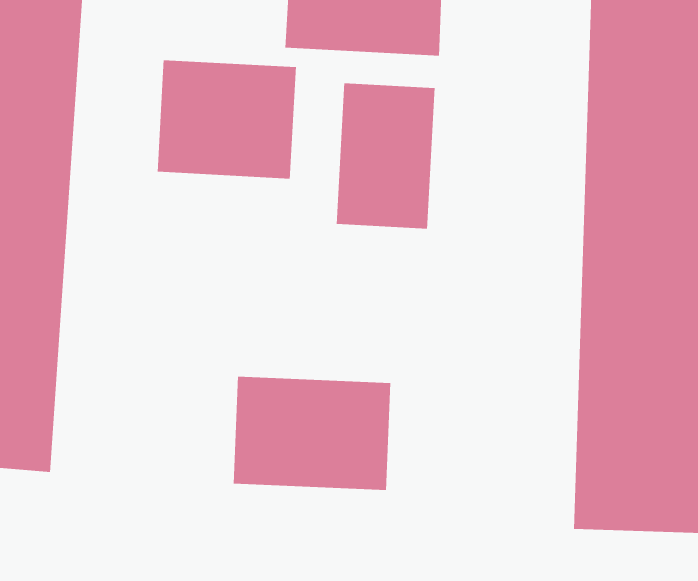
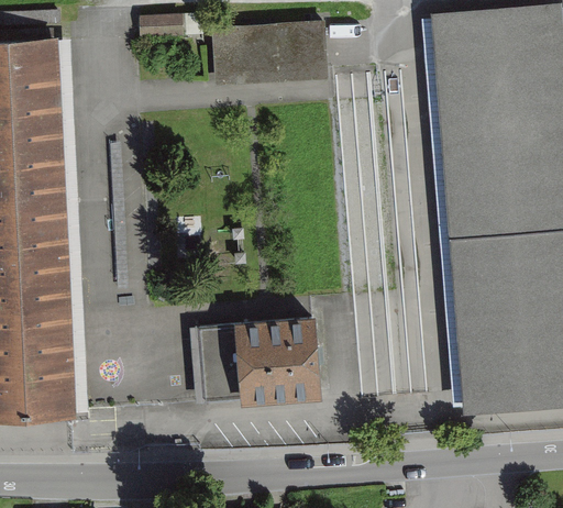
building: [157,59,296,179] -> none
building: [336,82,435,229] -> none

